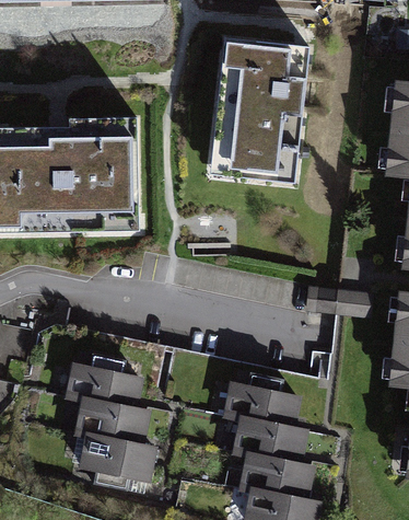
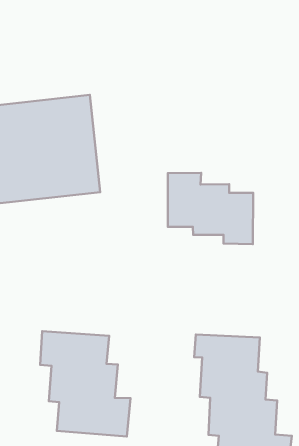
building: [211,35,311,181] -> none
building: none -> [168,173,253,244]

